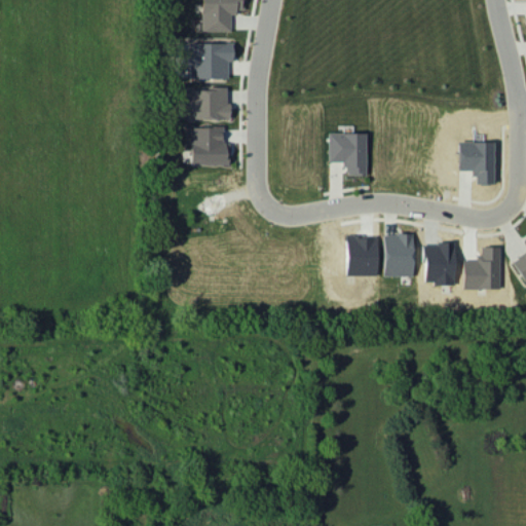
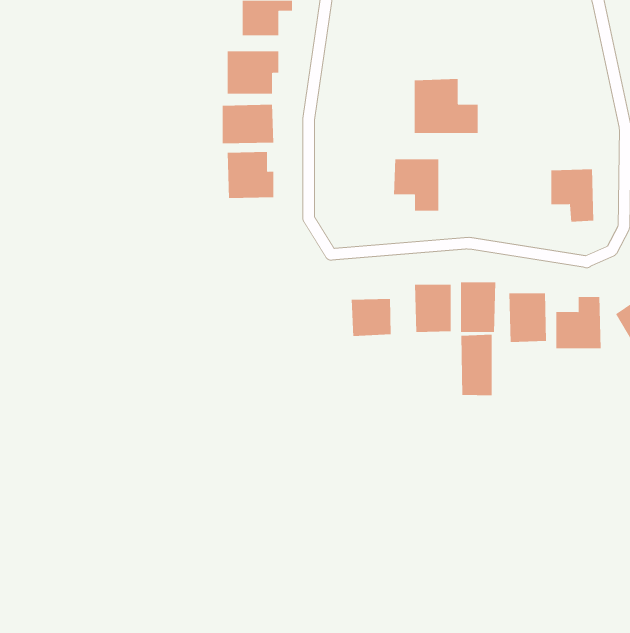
building: none -> [414,78,478,134]
building: none -> [351,298,391,337]
building: none -> [461,334,492,396]

